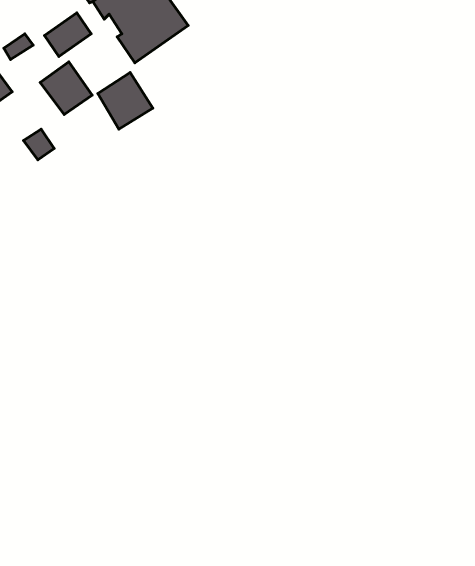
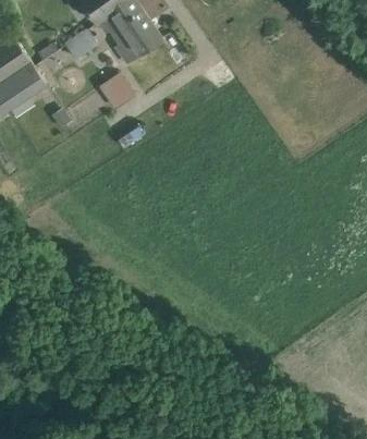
building: [40,62,92,114] -> none

